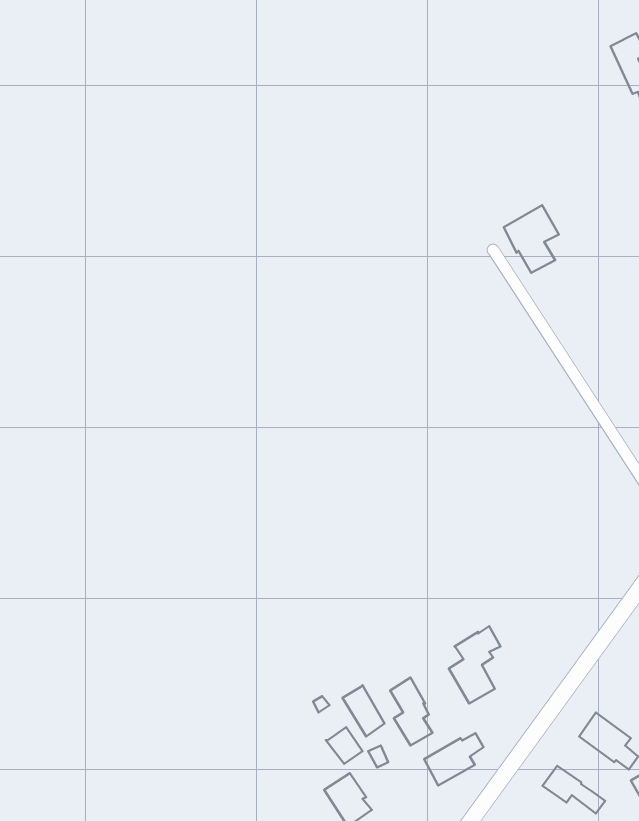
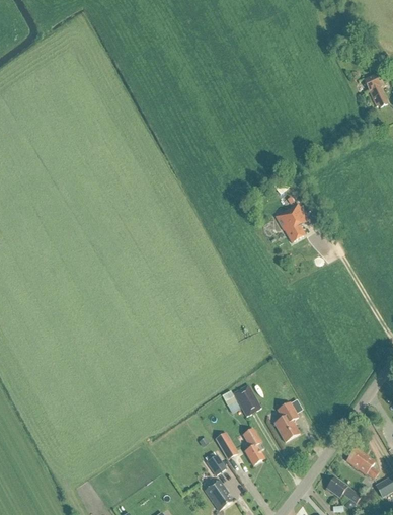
building: [504,205,559,273] -> [277,204,307,241]
building: none -> [233,384,261,417]
building: [424,733,483,786] -> none

